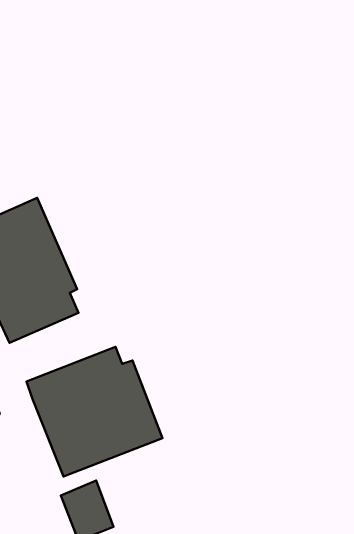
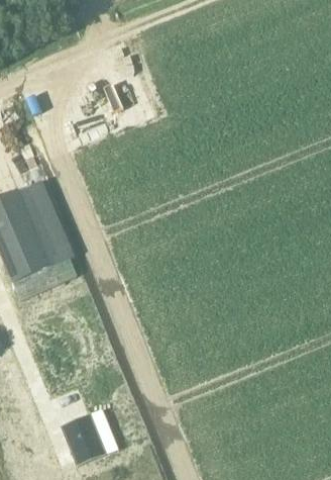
building: [27,347,163,476] -> none

